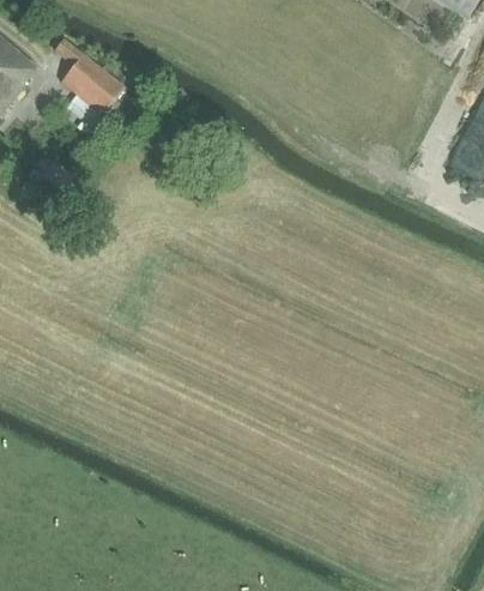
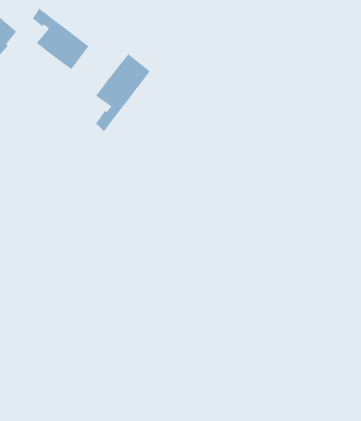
building: none -> [95,53,151,132]

